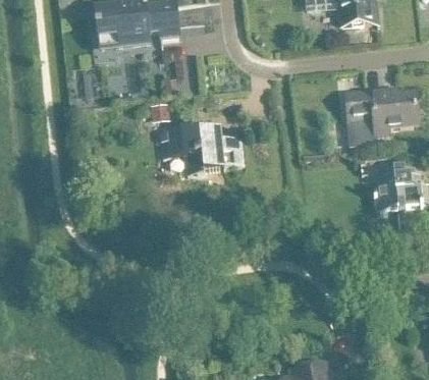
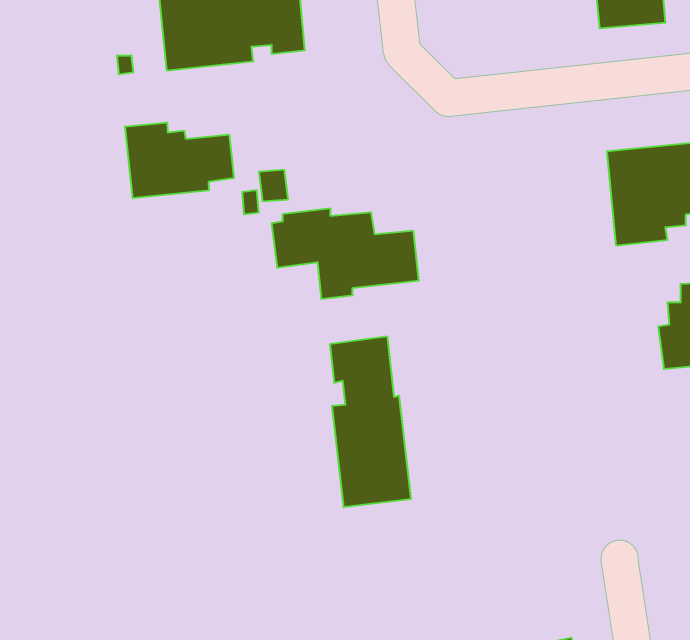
building: none -> [125,122,234,198]
building: none -> [330,336,411,507]

